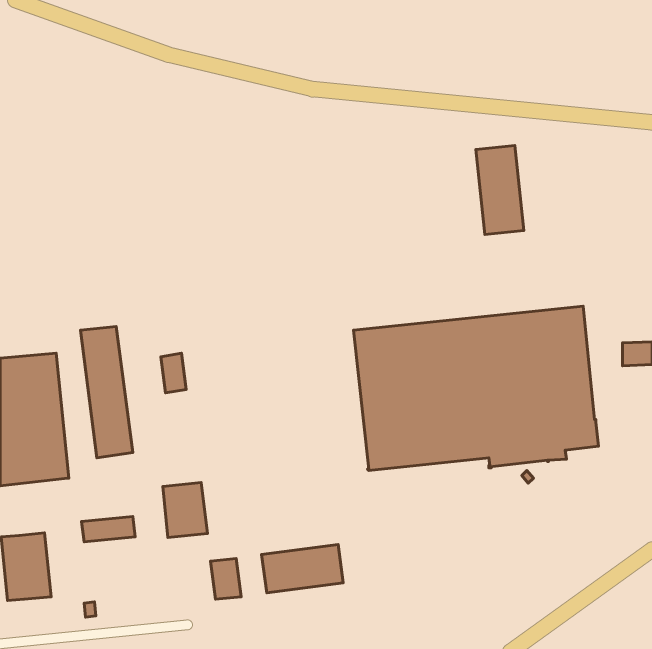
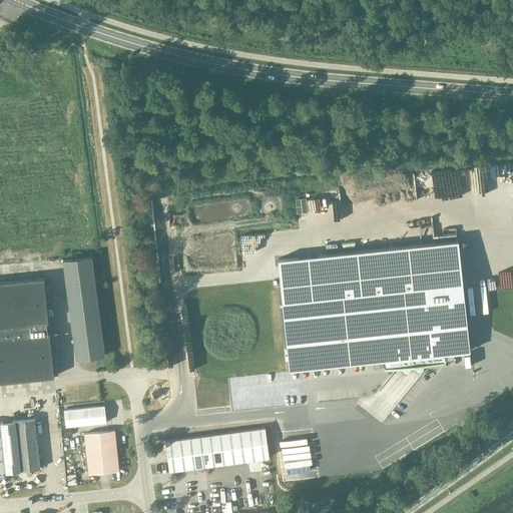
building: [476,145,524,234] -> none
building: [161,353,186,393] -> none
building: [163,483,208,537] -> [84,432,119,475]
building: none -> [185,438,209,471]

